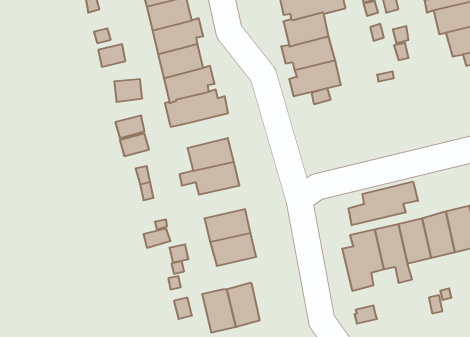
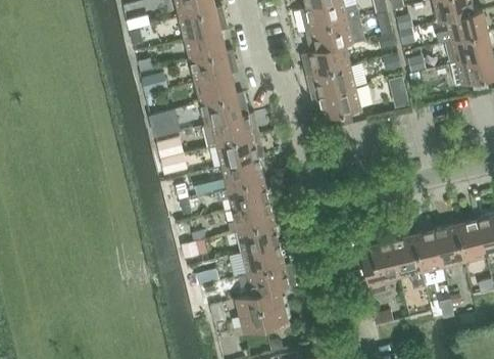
building: none -> [216,135,262,167]
building: [349,182,418,225] -> none
building: none -> [228,200,274,232]
building: none -> [238,263,294,295]

